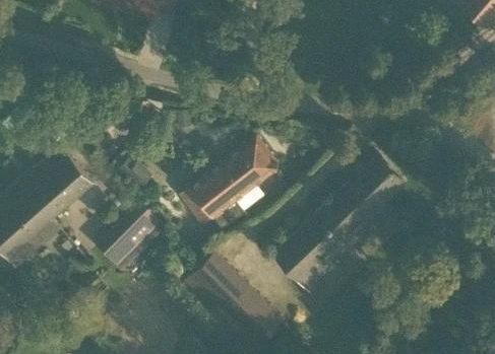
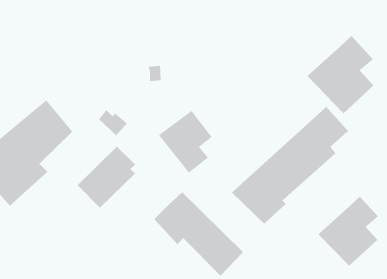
building: none -> [307,35,374,114]
building: [228,136,280,191] -> none
building: none -> [318,196,379,267]

